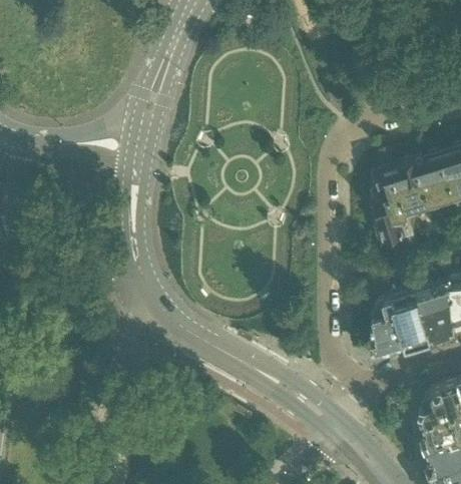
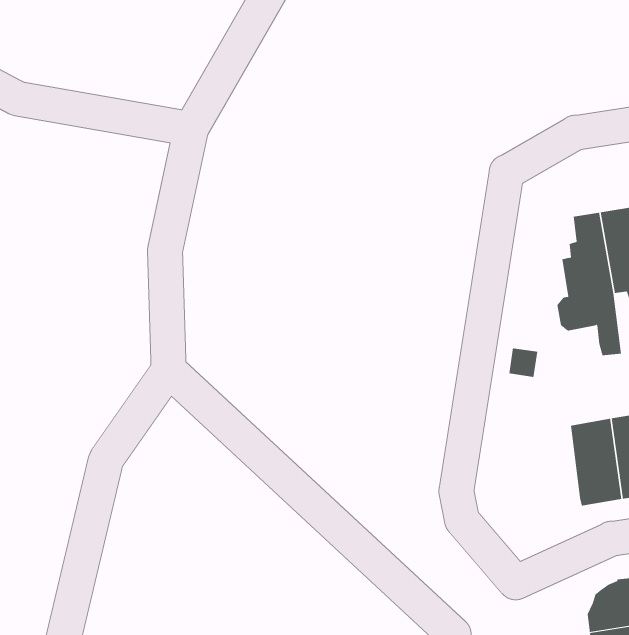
building: [373,301,404,352] -> none

